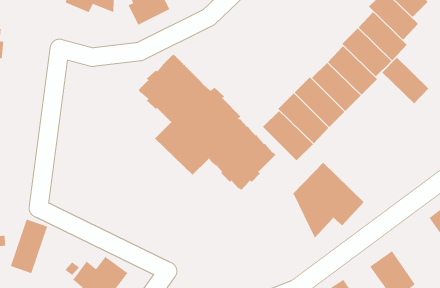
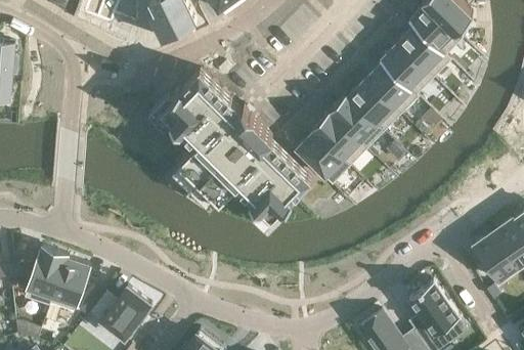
building: [382,57,429,104] -> none
building: [293,162,365,239] -> none
building: none -> [47,255,88,312]

